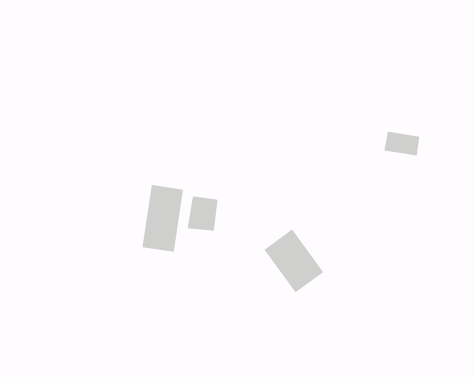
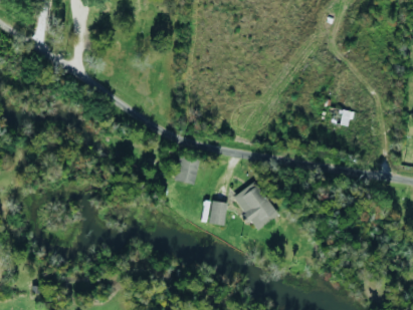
building: [142,184,184,253] -> none
building: none -> [209,202,226,226]

